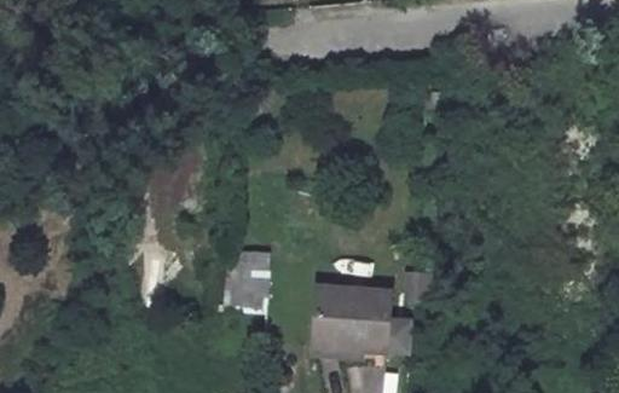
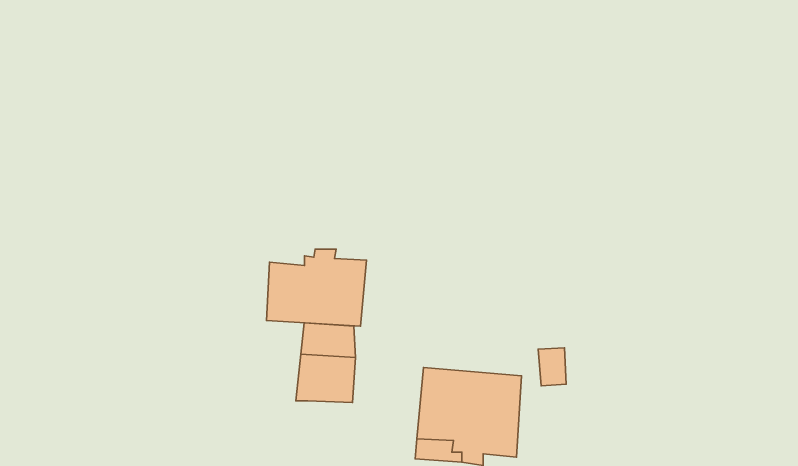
building: none -> [267,249,366,326]

